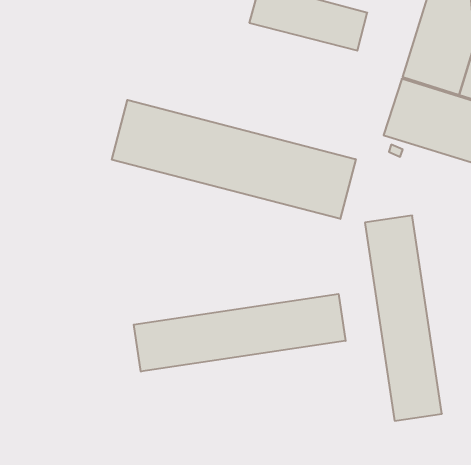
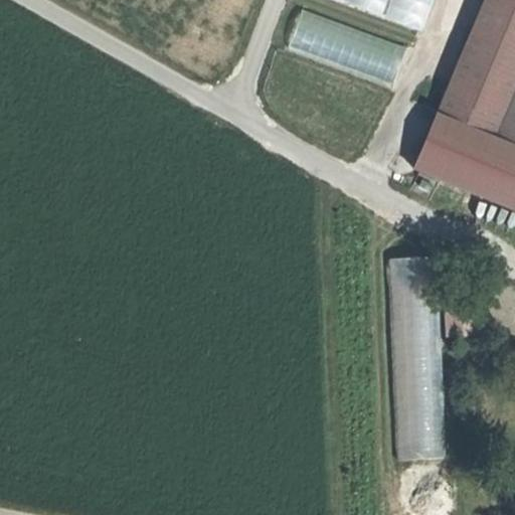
building: [112,100,356,219] -> none
building: [134,294,346,372] -> none

